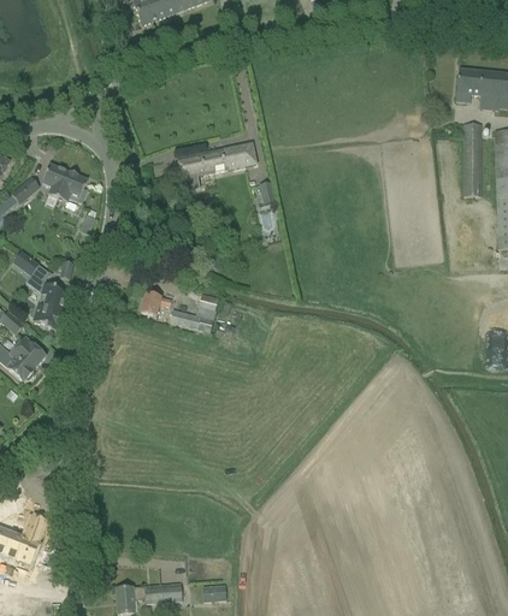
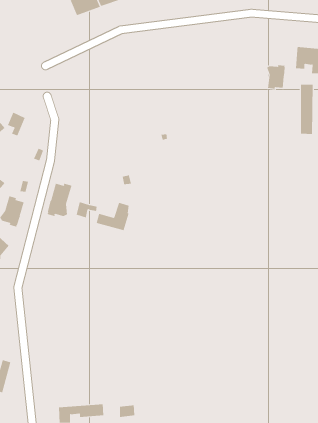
building: none -> [266,65,286,89]
building: [177,141,256,188] -> none
building: [58,170,88,201] -> none
building: none -> [46,183,72,217]

